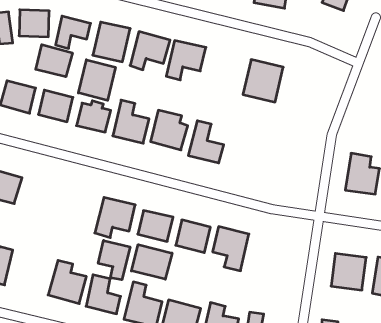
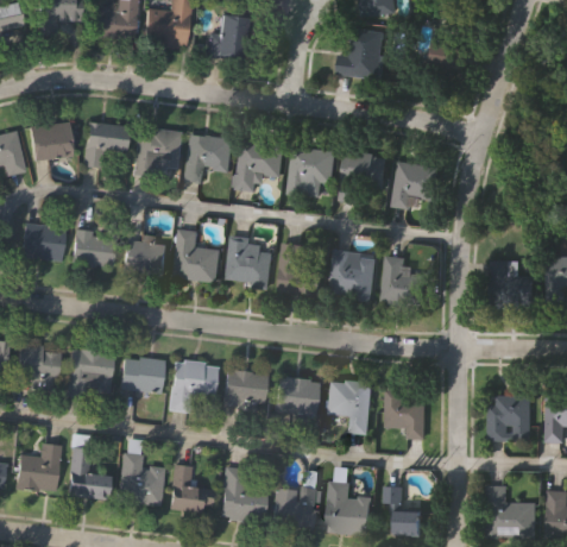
building: [36,45,72,77] -> none
building: none -> [288,145,334,196]
building: [78,60,115,100] -> none
building: none -> [392,161,440,208]
building: none -> [328,247,377,298]
building: none -> [379,253,427,307]
building: none -> [68,347,113,396]
building: none -> [121,356,165,394]
building: none -> [386,389,427,438]
building: [98,240,130,280] -> none
building: [131,245,172,279] -> none
building: none -> [69,445,111,498]

